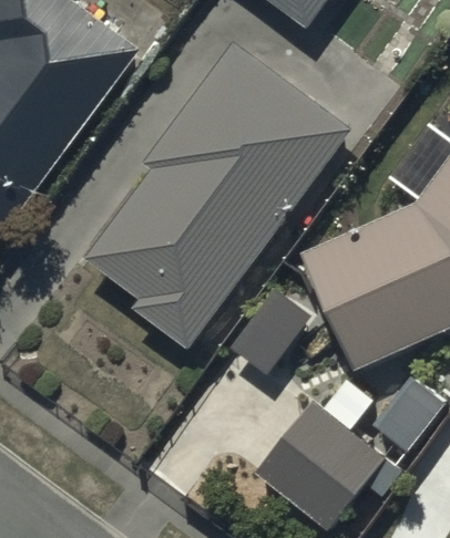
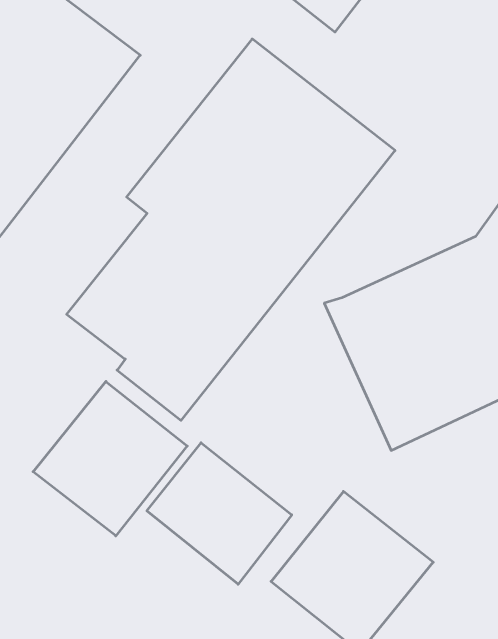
building: none -> [33,381,187,536]
building: none -> [147,443,292,584]

